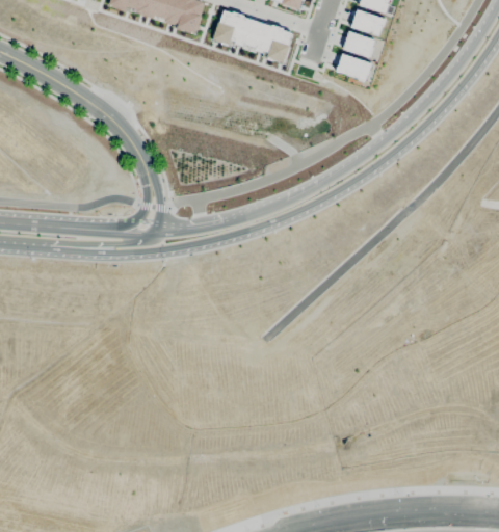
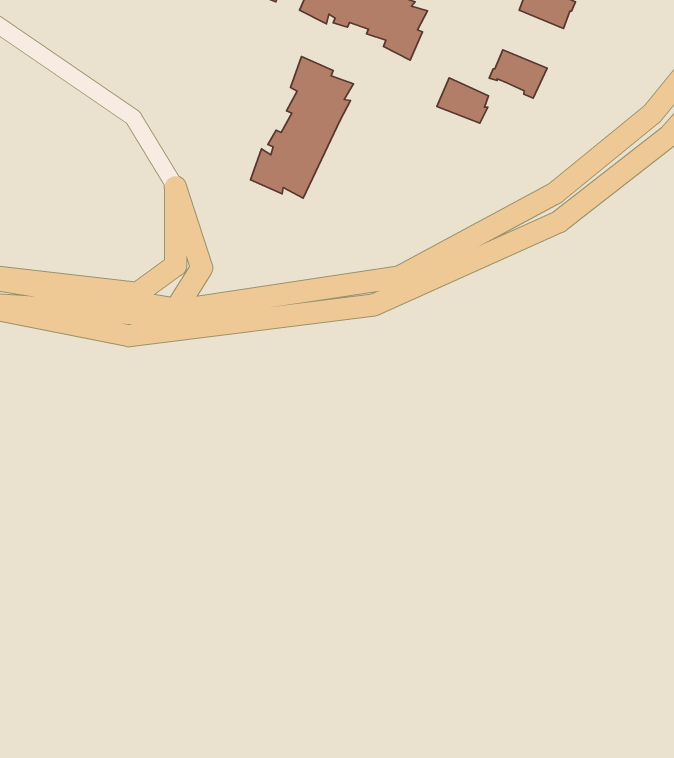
building: [343,30,375,57] -> [437,78,489,123]
building: none -> [250,57,353,198]

